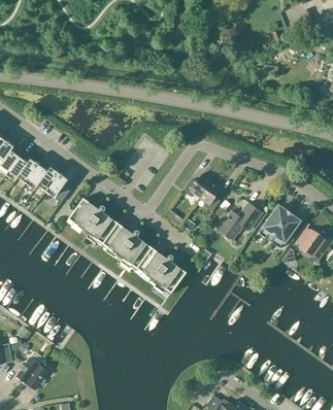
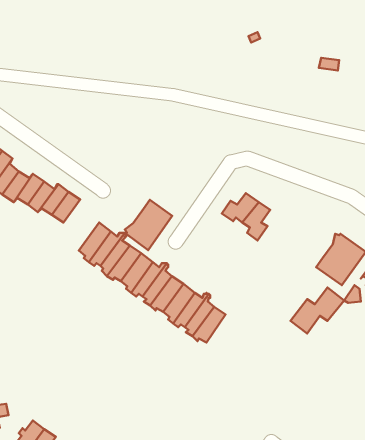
building: none -> [125,200,172,250]
building: [219,202,262,239] -> [291,288,344,334]

